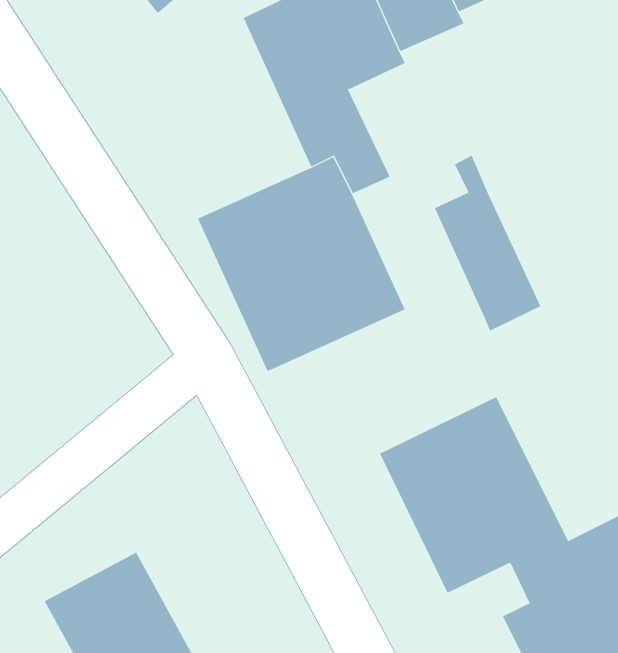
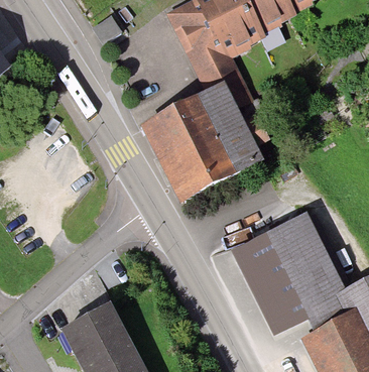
building: [434,155,541,331] -> none

